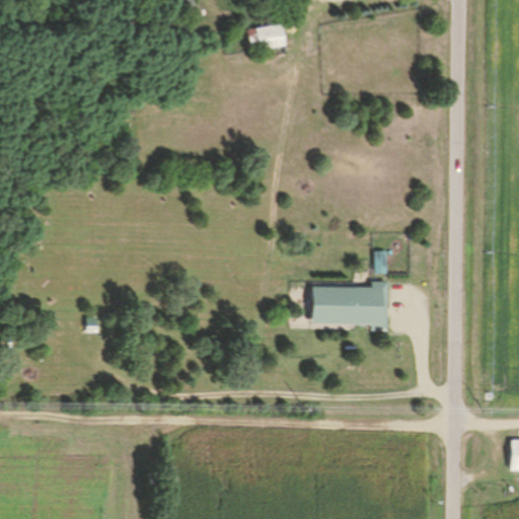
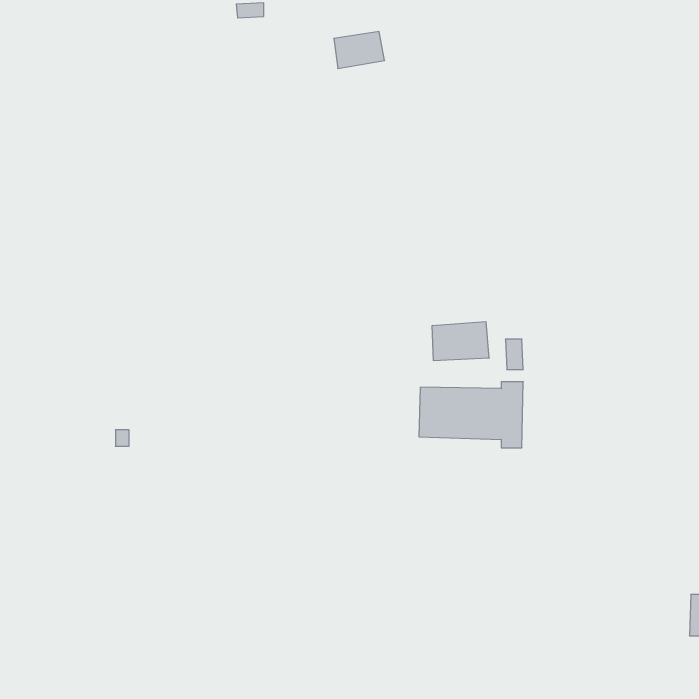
building: none -> [432,322,489,361]

